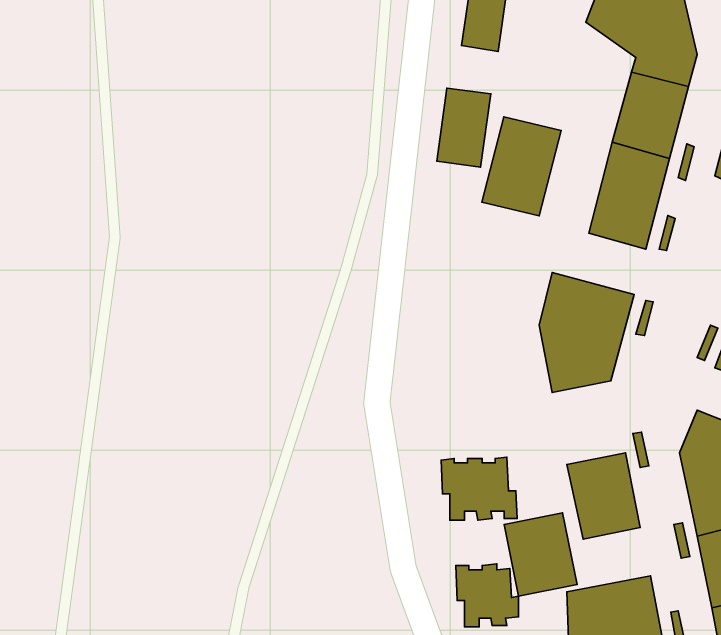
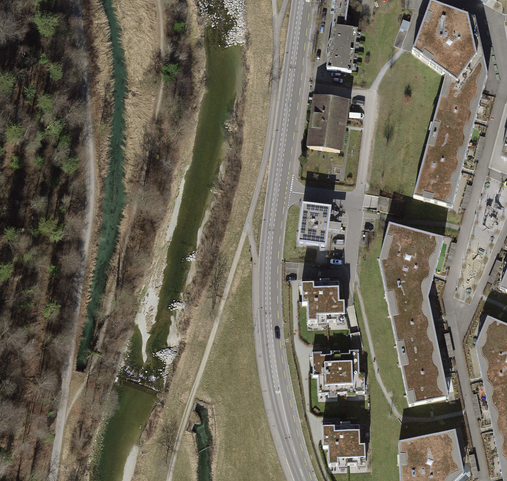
building: [482,117,561,216] -> none
building: none -> [298,203,331,244]
building: none -> [302,278,345,320]
building: [504,513,577,596] -> [389,295,439,352]

